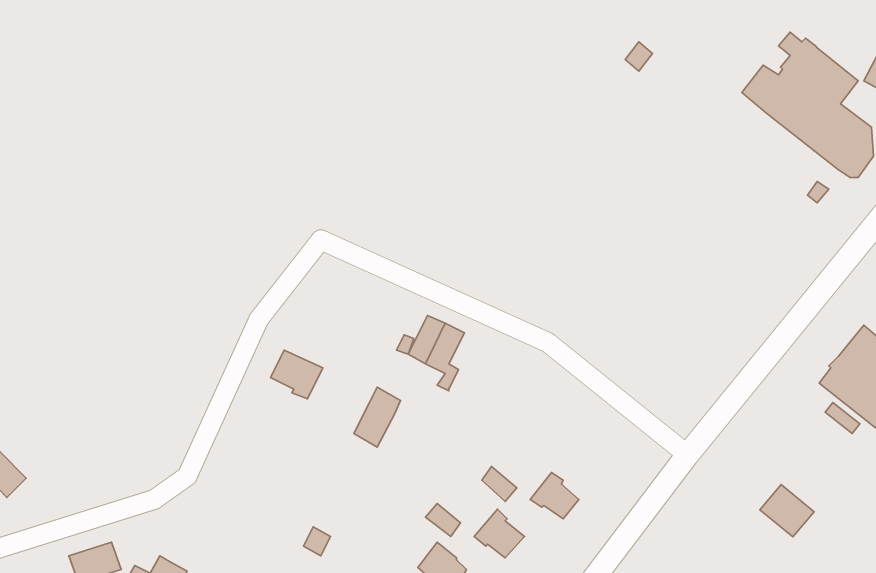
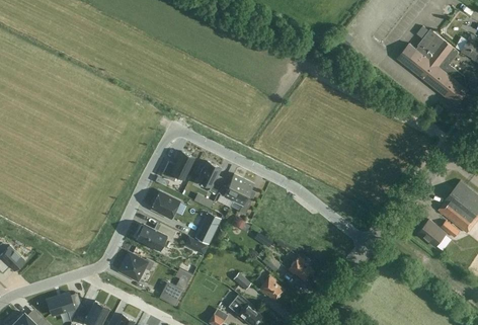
building: none -> [161,152,193,182]
building: none -> [197,161,223,193]
building: none -> [137,225,175,253]
building: none -> [119,253,153,280]
building: [760,485,814,537] -> [418,221,447,248]

